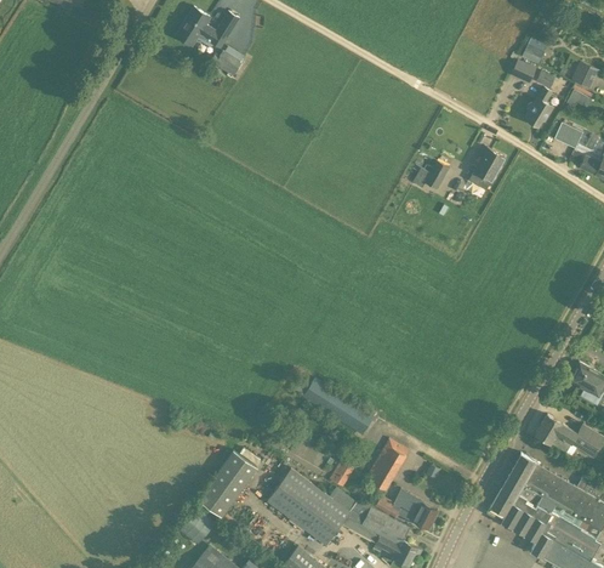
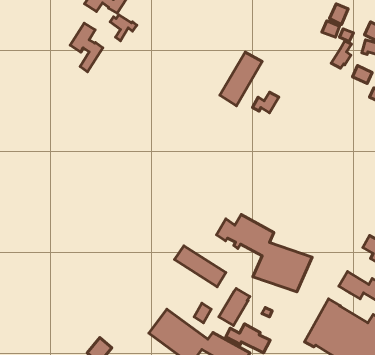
building: none -> [70,23,103,72]
building: none -> [220,52,262,106]
building: [468,147,505,189] -> none
building: none -> [217,215,312,292]
building: [198,449,257,516] -> none

